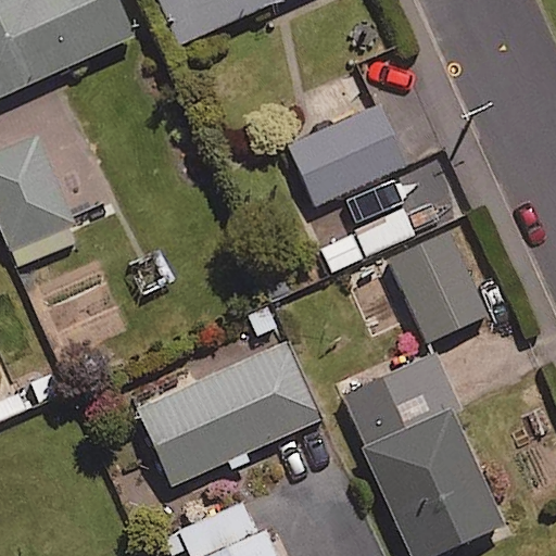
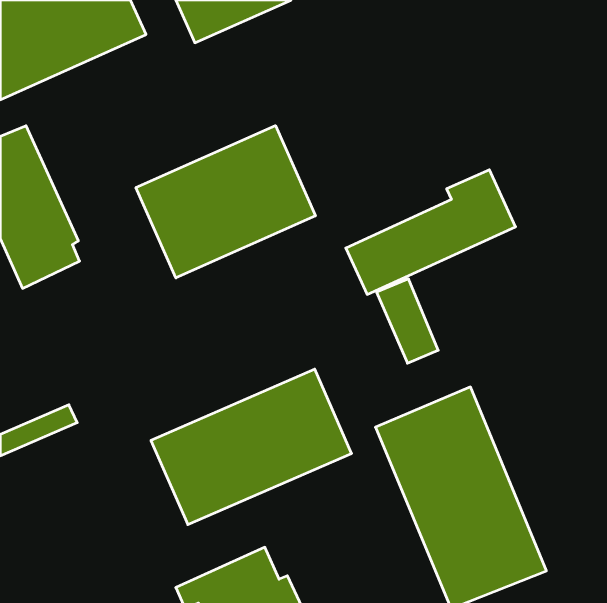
building: [289,108,403,206] -> none
building: none -> [136,126,315,278]
building: [389,232,486,341] -> none

